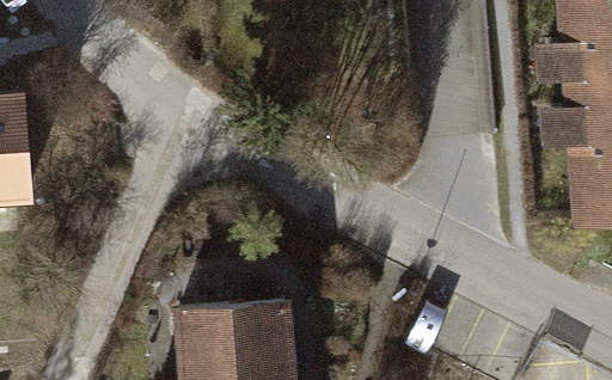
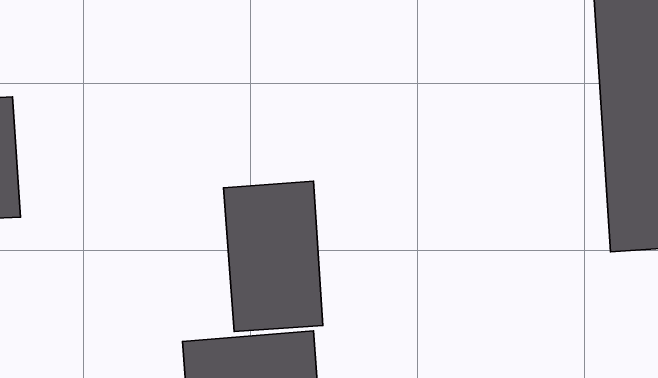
building: none -> [223,181,323,332]

